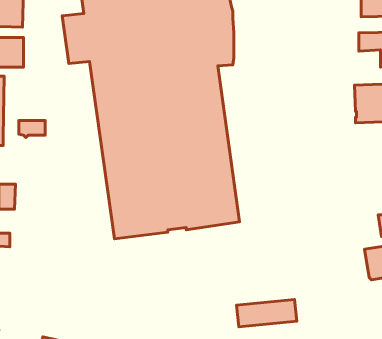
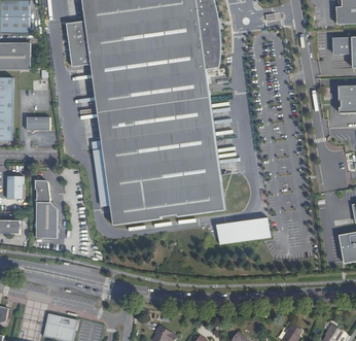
building: none -> [34,180,57,238]
building: [237,300,297,327] -> [217,218,272,243]

